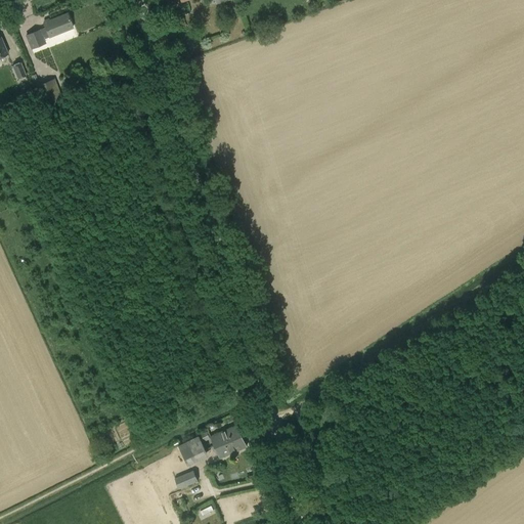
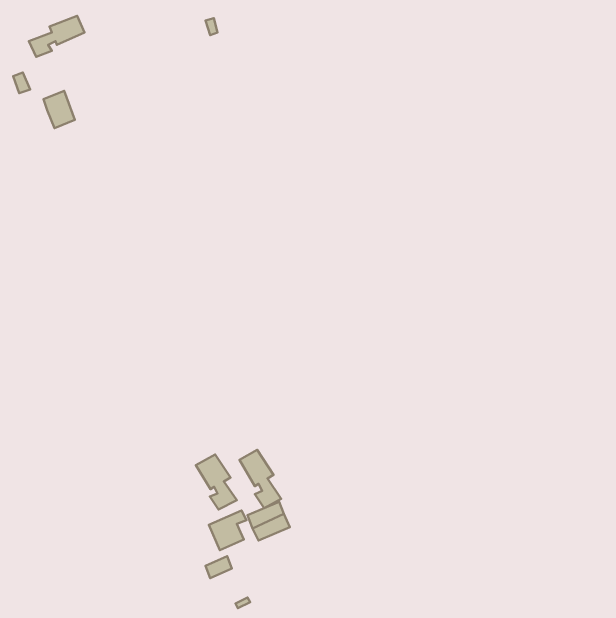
building: none -> [239,450,281,508]
building: none -> [196,455,237,510]

